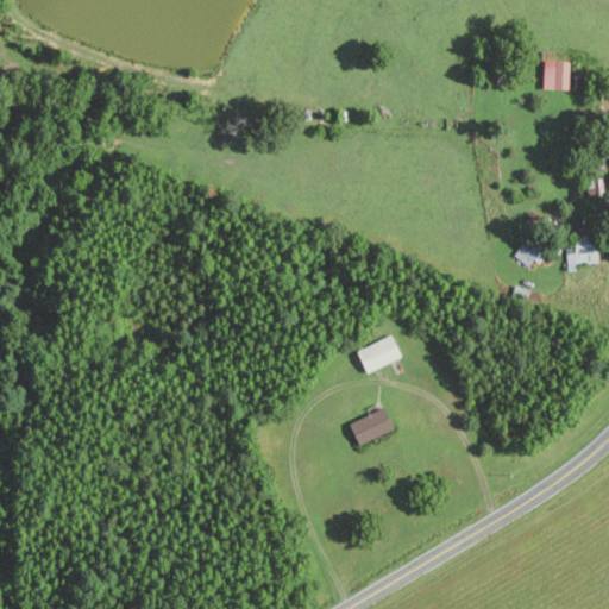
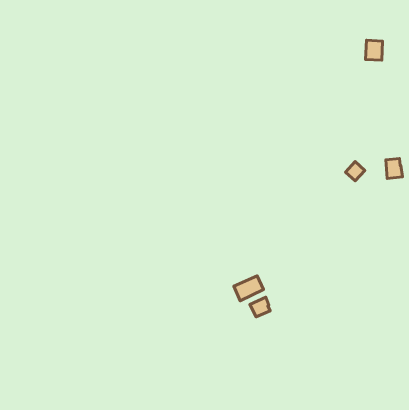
building: [356,337,402,373] -> none
building: none -> [250,297,270,317]

